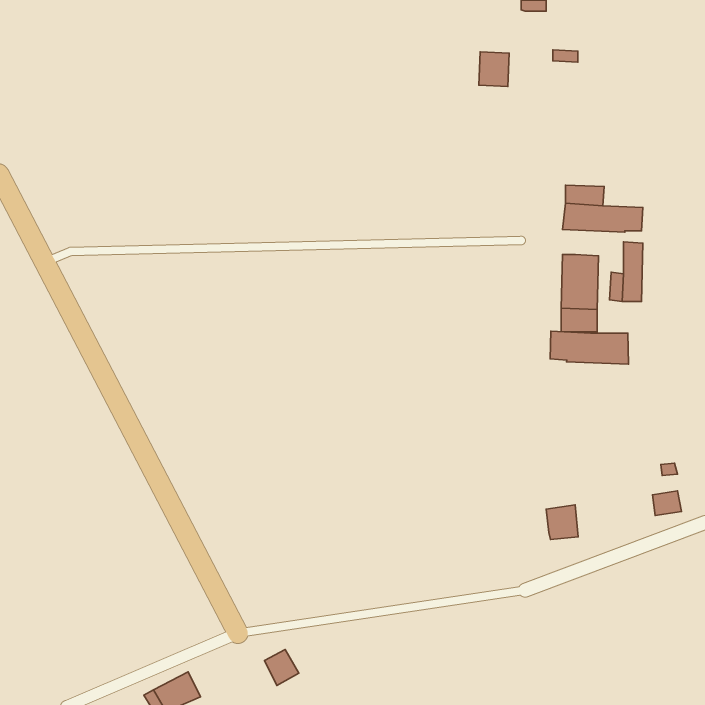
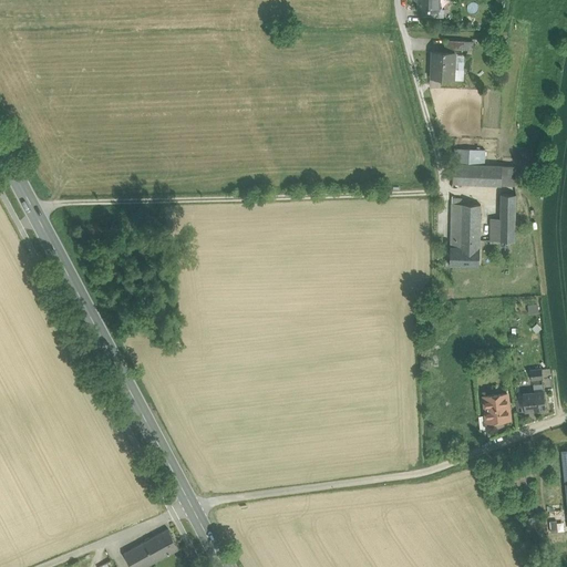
building: [479,52,509,86] -> [430,52,454,80]
building: [550,331,629,364] -> none
building: [546,505,578,539] -> [483,394,508,422]
building: [264,650,299,686] -> [151,530,178,559]

